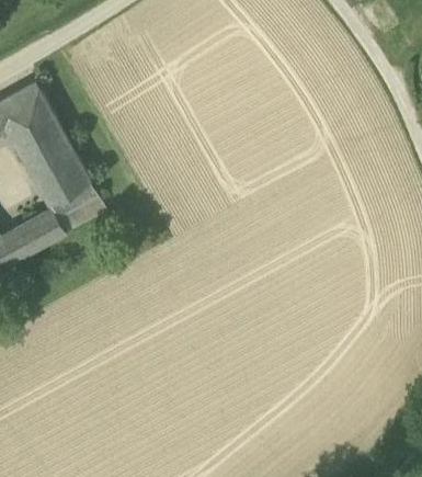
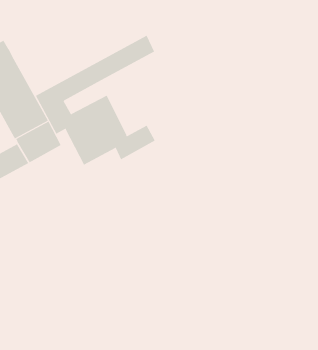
building: none -> [35,35,155,165]

